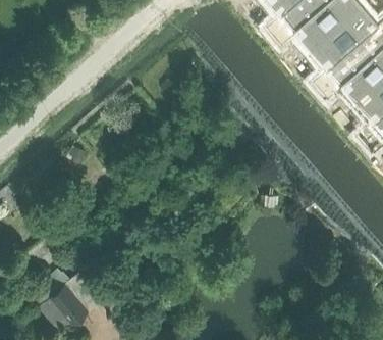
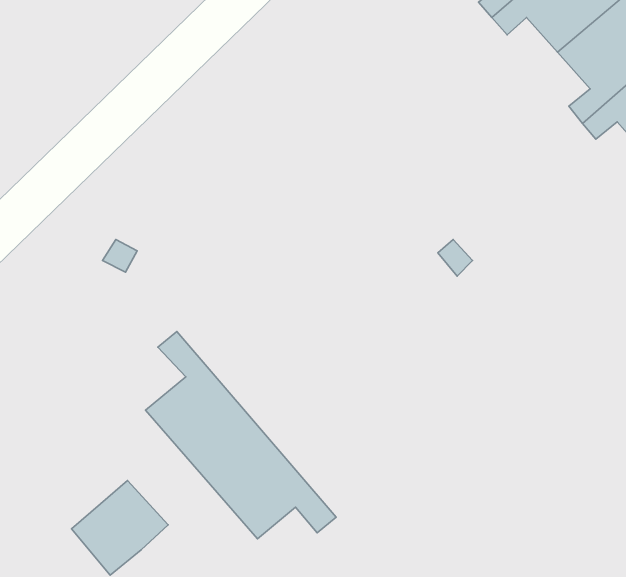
building: none -> [145,331,336,539]

